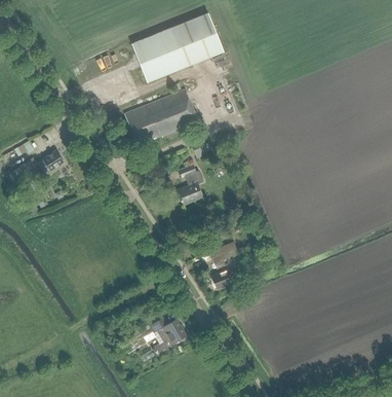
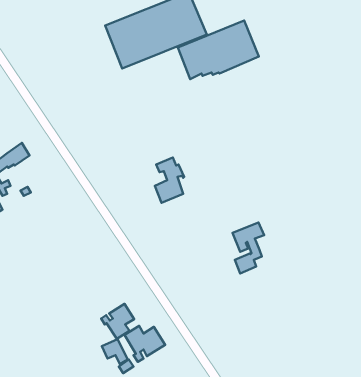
building: [124,88,198,142] -> [178,21,259,79]
building: [209,242,238,288] -> [232,223,264,273]
building: none -> [101,304,134,339]

